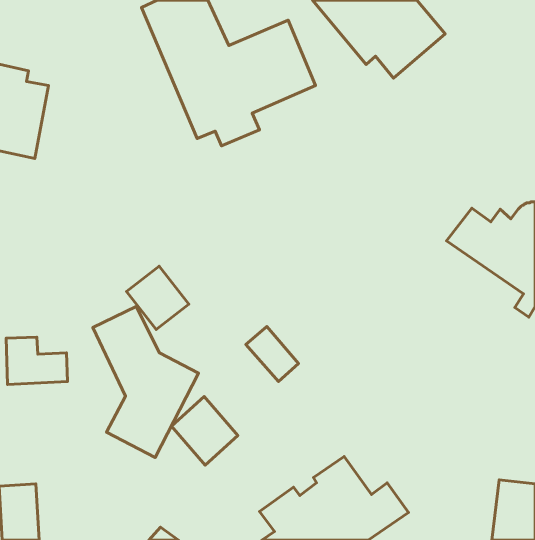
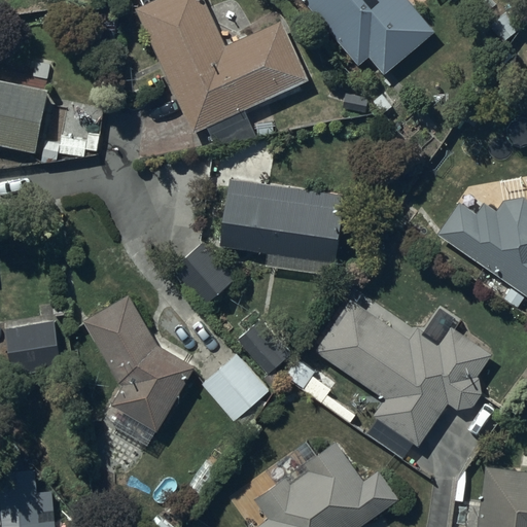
building: none -> [221,180,344,260]
building: [126,266,189,330] -> [175,241,236,303]
building: none -> [317,301,492,447]
building: [171,396,238,465] -> [205,353,270,420]

